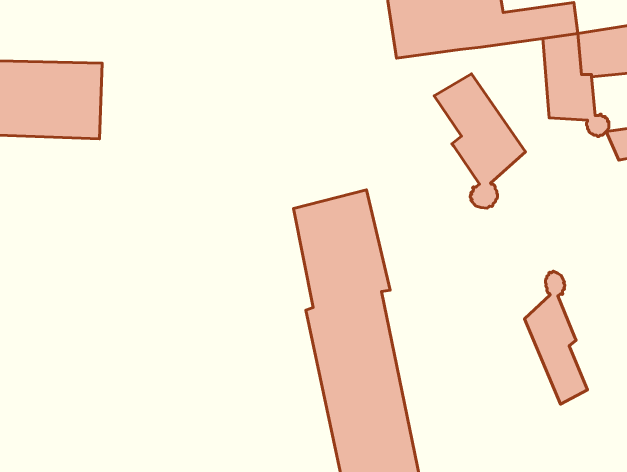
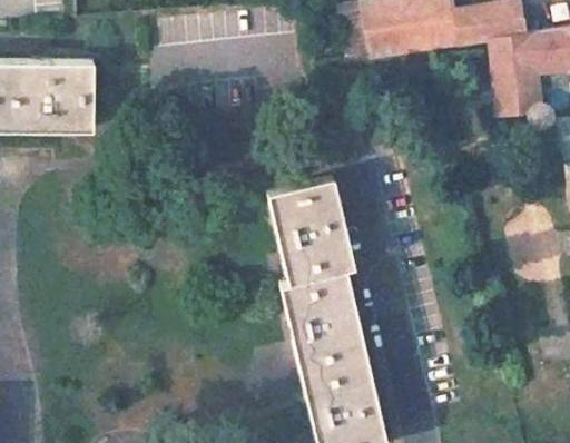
building: [434,74,526,208] -> none
building: [524,271,588,404] -> none

